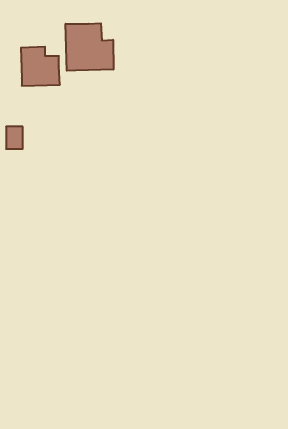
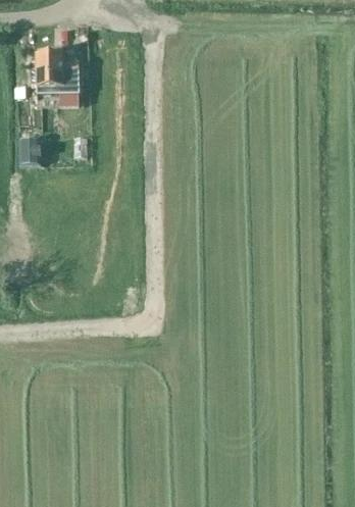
building: [66,23,113,71] -> none

